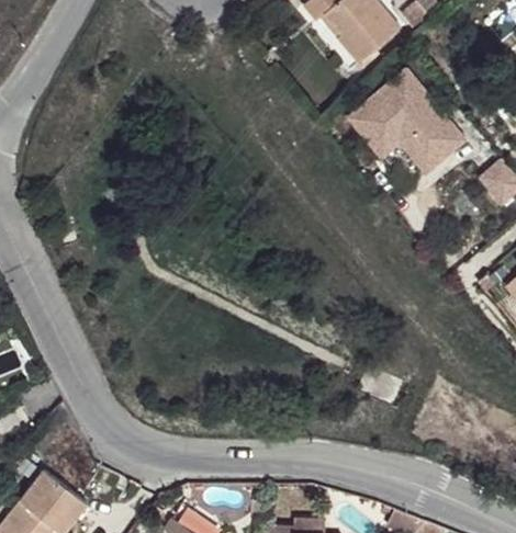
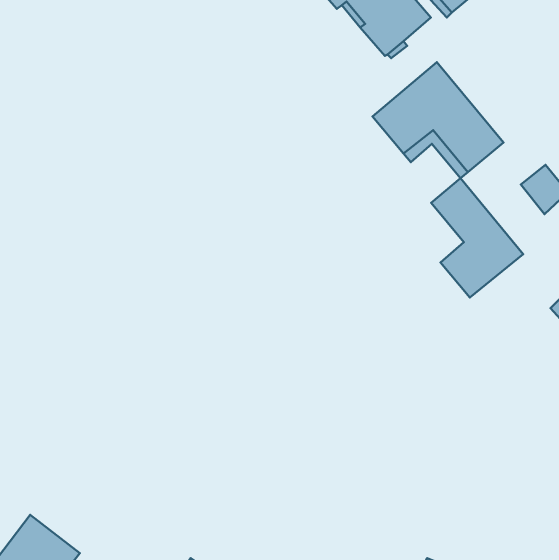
building: none -> [431,178,523,298]

